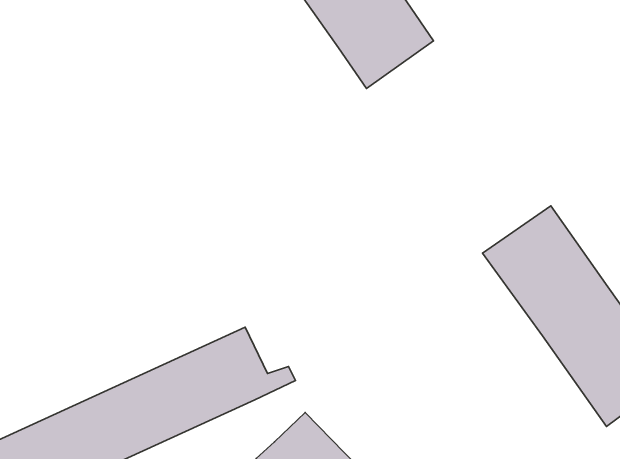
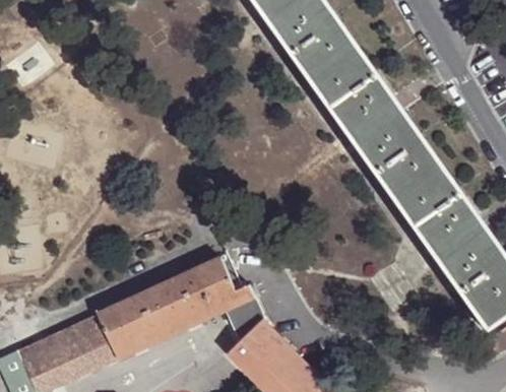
building: none -> [309,50,443,204]
building: none -> [228,297,264,341]

